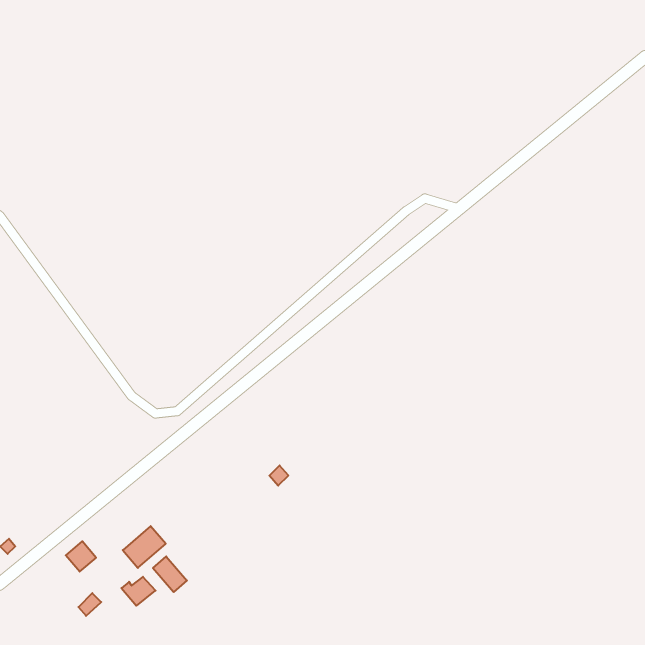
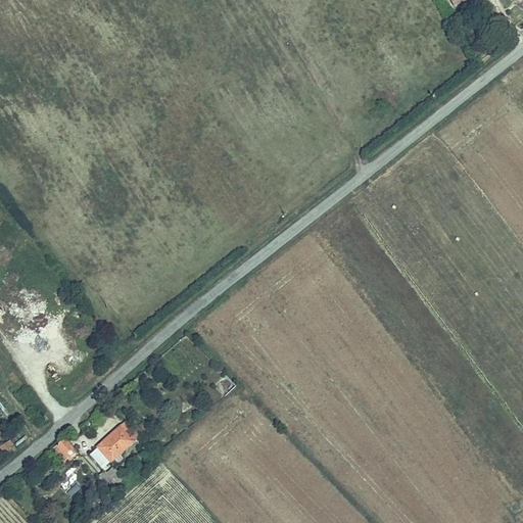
building: [153,556,187,592] -> none

